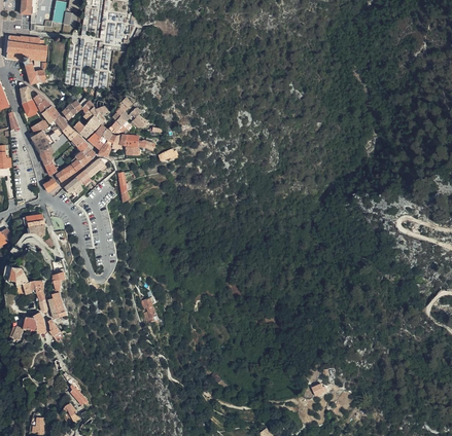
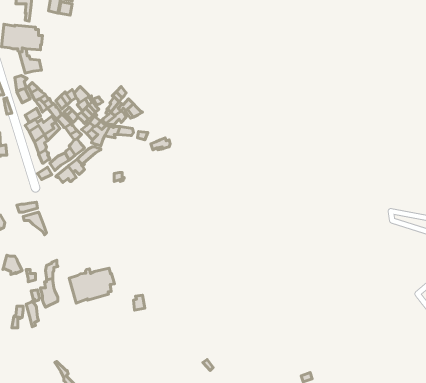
building: none -> [69,268,114,303]

